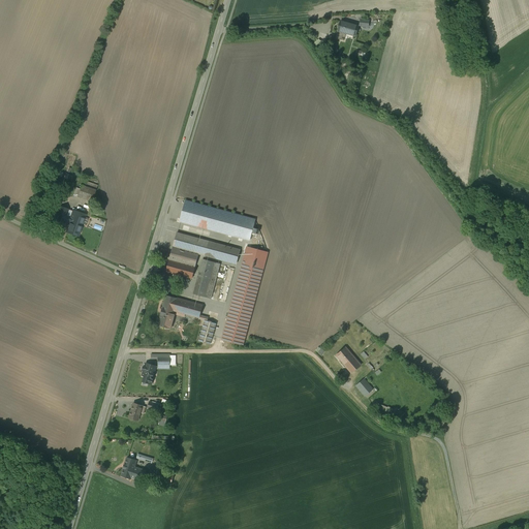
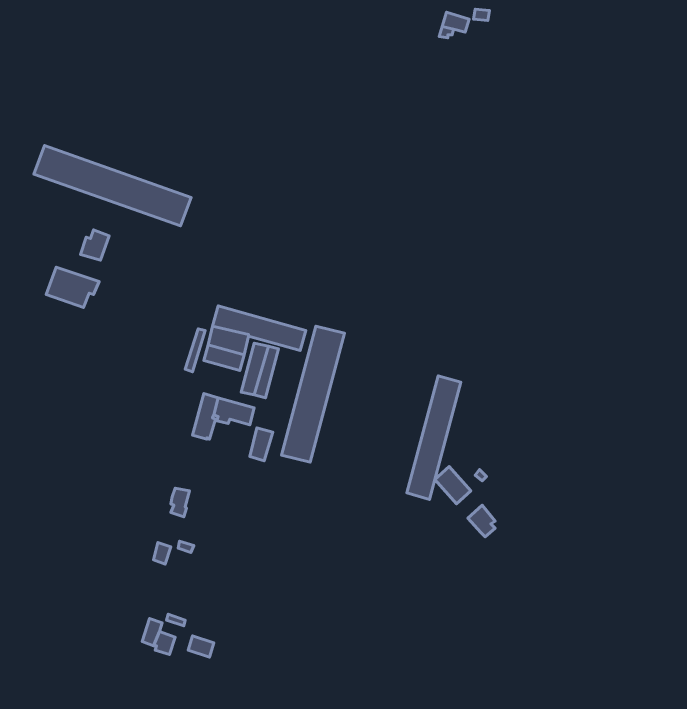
building: none -> [34,146,191,226]
building: [179,199,254,240] -> none
building: none -> [407,376,461,499]

